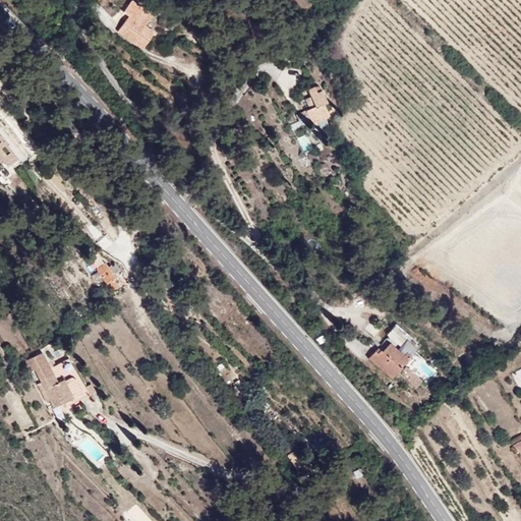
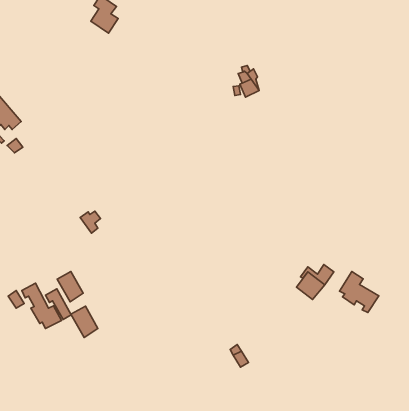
building: none -> [57,272,83,302]
building: none -> [340,272,379,312]
building: none -> [71,306,98,337]

